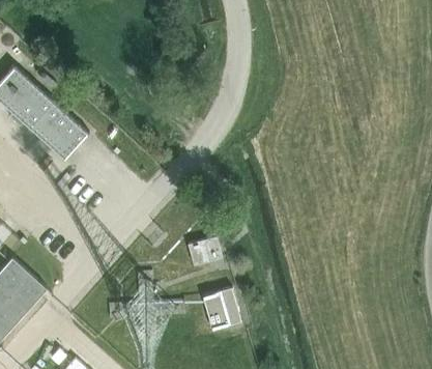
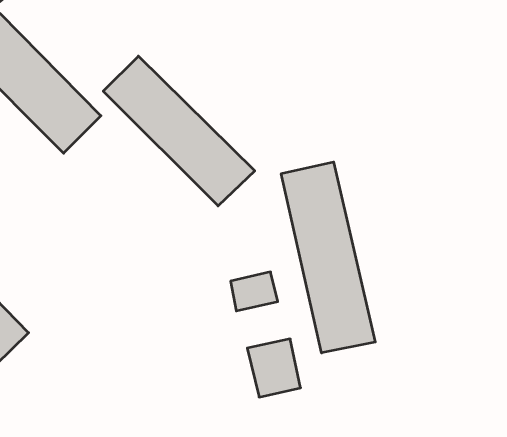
building: none -> [103,56,255,206]
building: none -> [281,162,375,353]

